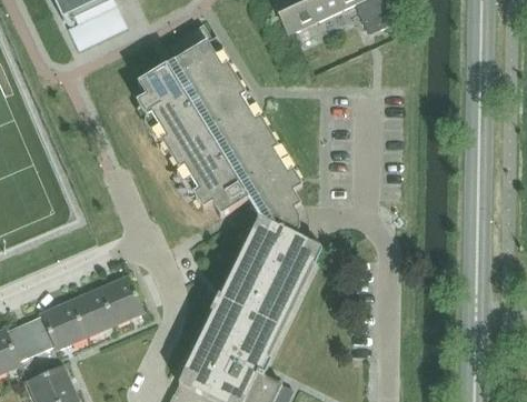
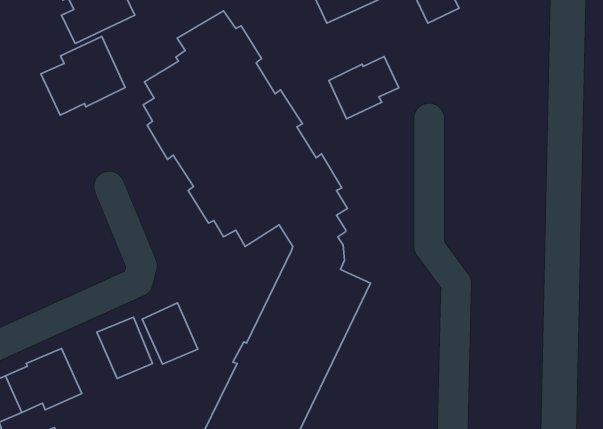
building: none -> [41,36,125,115]
building: none -> [329,57,399,119]
building: [69,288,115,338] -> [142,303,198,364]

